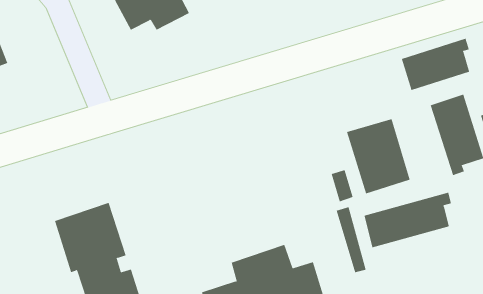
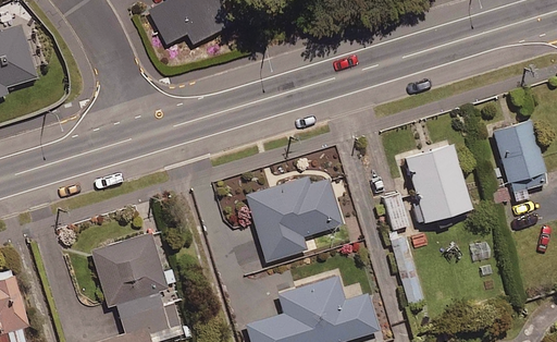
building: [401,38,470,91] -> none
building: none -> [245,174,342,261]
building: [364,192,452,248] -> none

